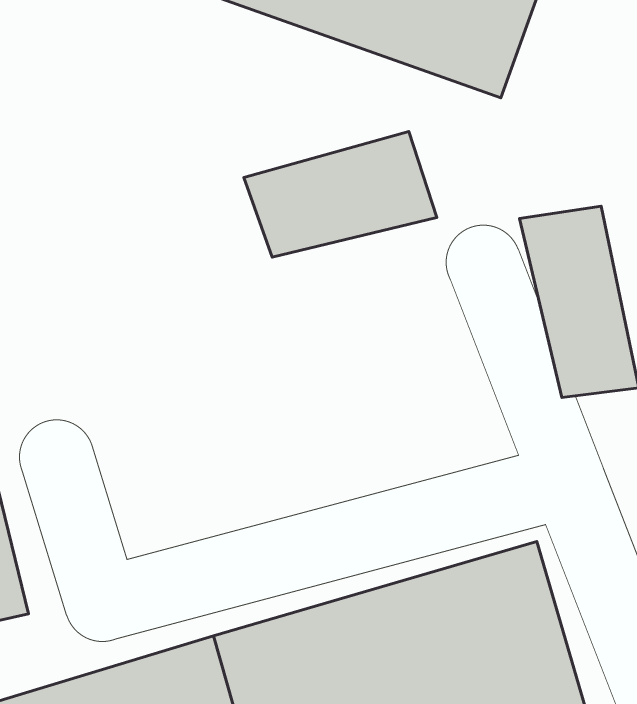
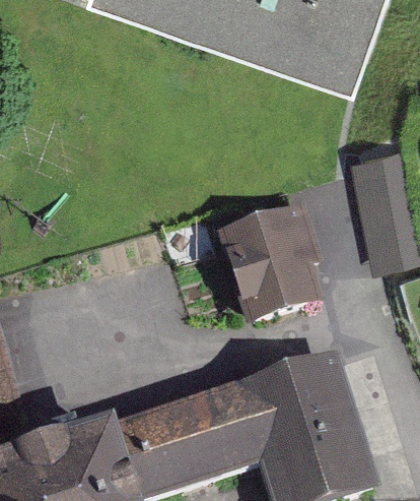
building: [244,132,437,257] -> none
building: none -> [221,209,329,332]

